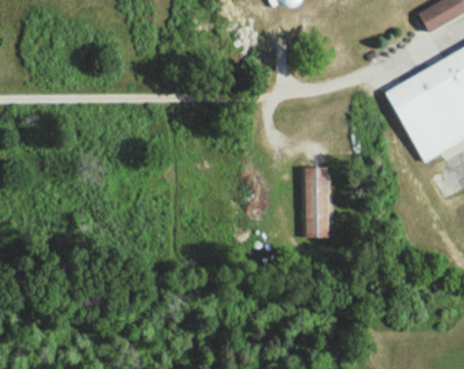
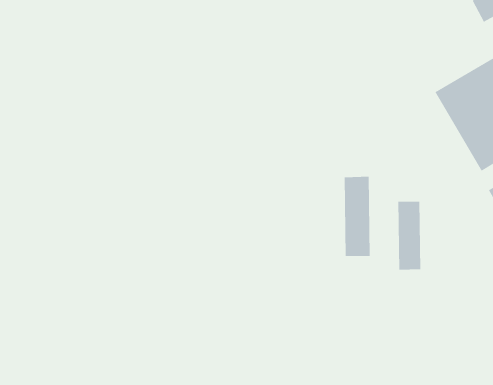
building: none -> [398,201,421,270]

